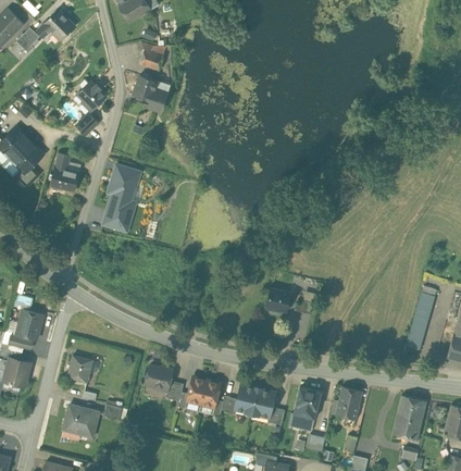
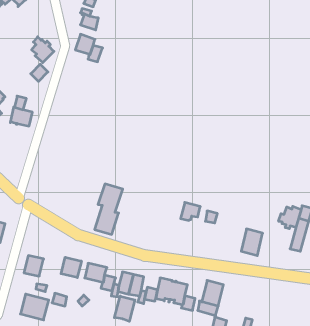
building: [105,165,141,230] -> [95,184,123,234]
building: none -> [279,206,301,229]
building: none -> [61,257,81,278]
building: [335,386,362,420] -> [241,229,263,256]
building: [393,396,426,439] -> none
building: none -> [114,296,135,321]

